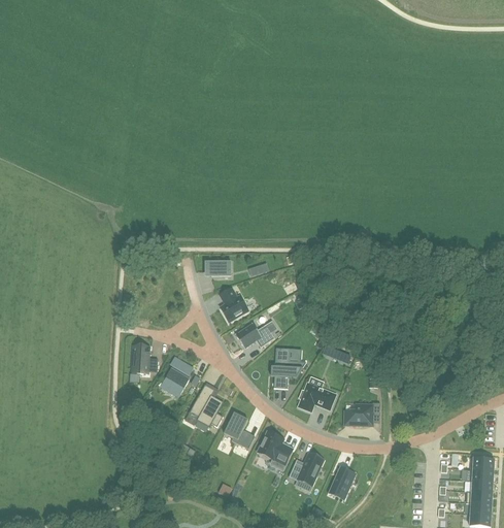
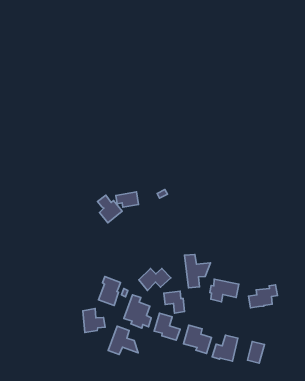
building: [220,288,247,322] -> [98,195,122,223]
building: [235,323,274,349] -> [139,268,171,290]
building: [131,346,157,373] -> [83,309,105,332]
building: none -> [164,291,185,313]
building: none -> [108,326,138,354]

